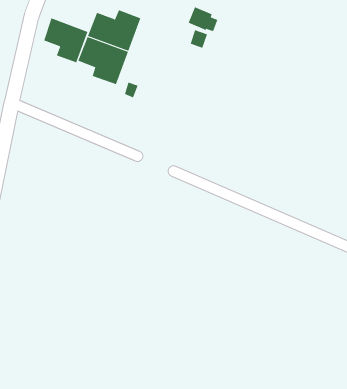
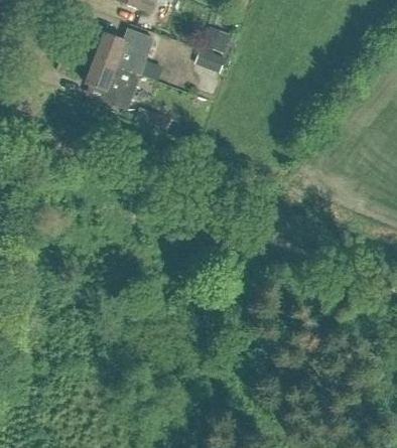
building: [43,18,88,63] -> none

